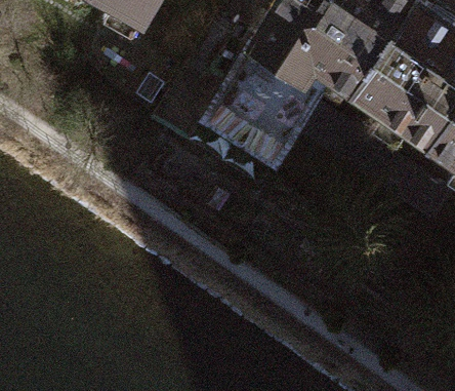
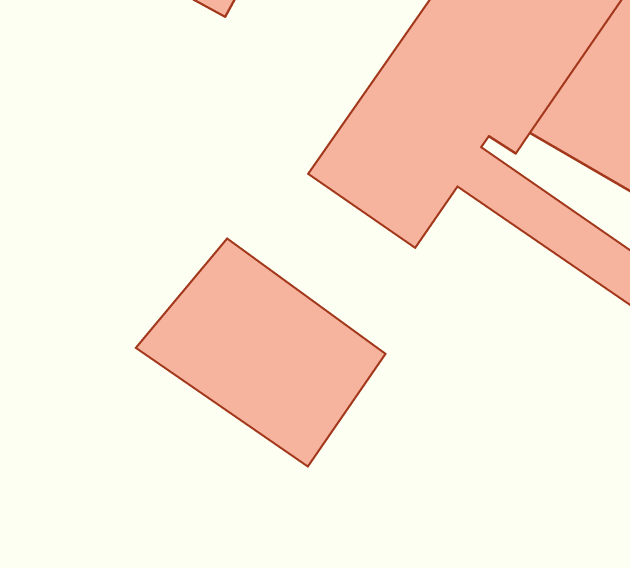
building: none -> [136,239,385,466]

